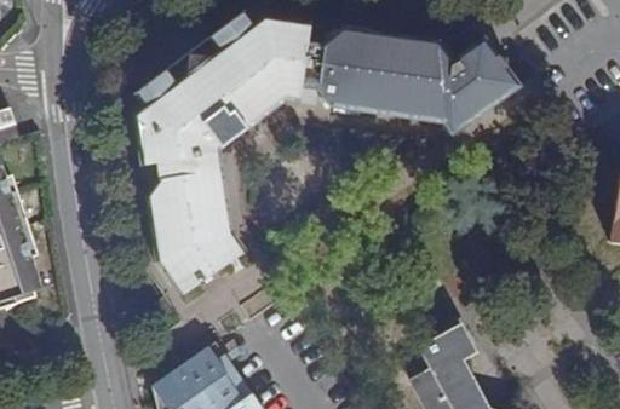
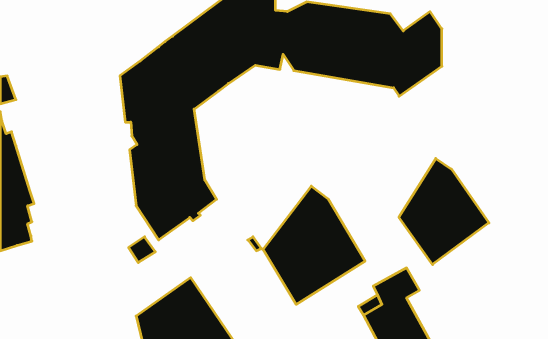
building: none -> [399,158,489,265]
building: none -> [263,186,365,304]

